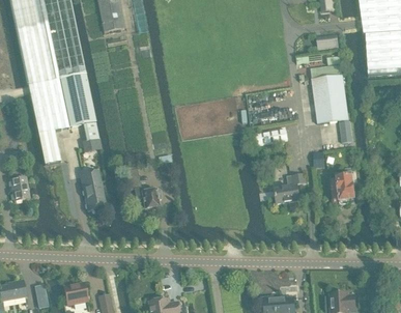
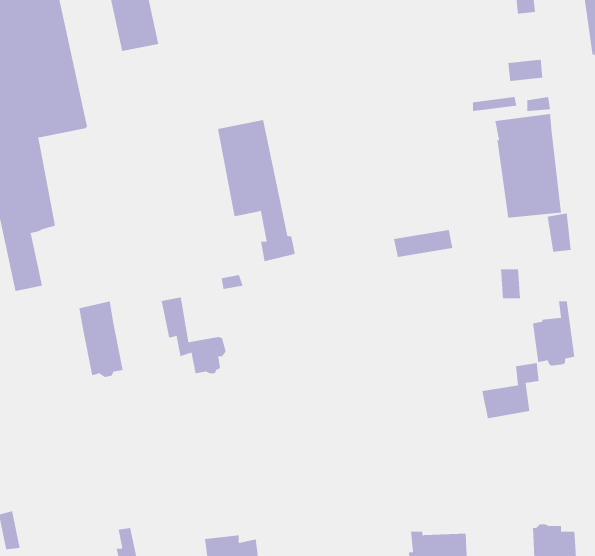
building: [58,73,102,151] -> [217,120,296,262]
building: [273,172,305,203] -> [481,363,540,419]
building: [62,282,87,304] -> none

